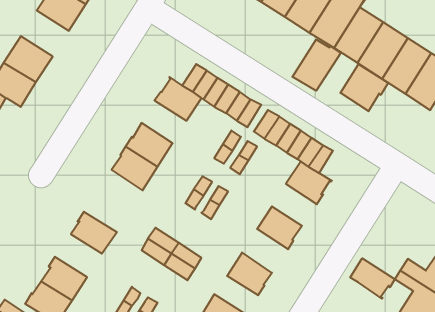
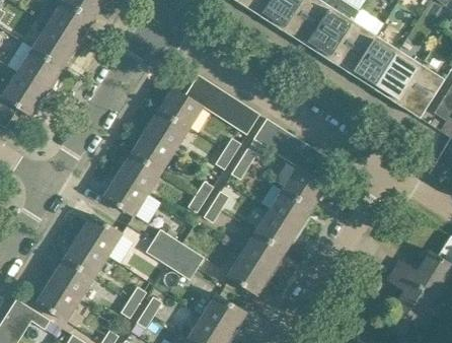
building: none -> [31,24,77,68]
building: [292,40,341,91] -> none
building: [340,64,388,111] -> none
building: none -> [146,110,189,150]
building: none -> [103,176,147,216]
building: none -> [270,189,312,228]
building: none -> [241,231,285,273]
building: none -> [64,236,108,277]
building: [350,258,395,299] -> none

